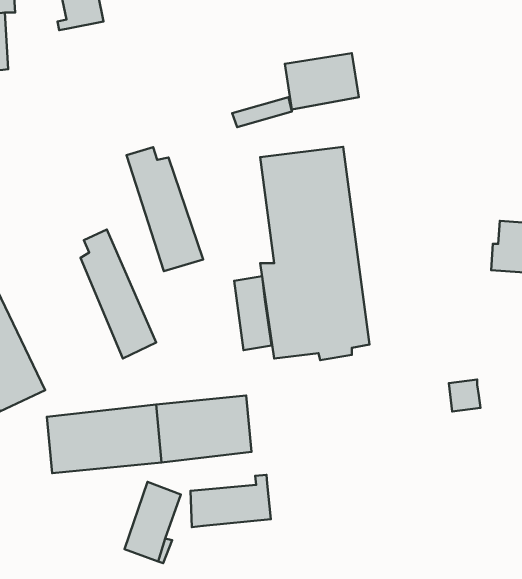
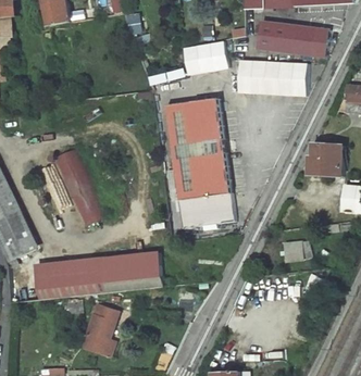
building: none -> [258,21,315,54]
building: none -> [237,60,308,95]
building: [126,147,203,271] -> none
building: [234,276,271,350] -> none
building: [191,475,271,527] -> none

